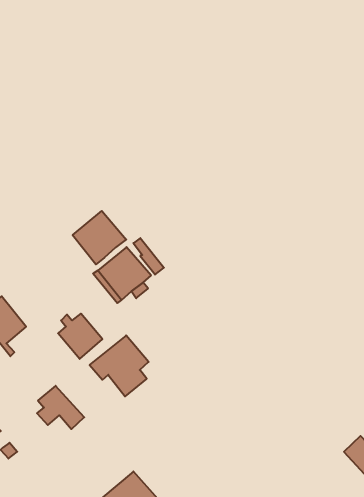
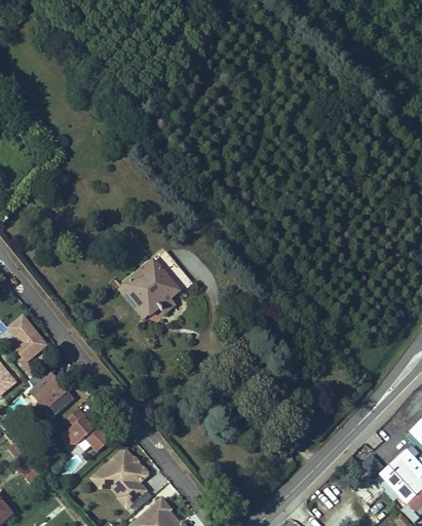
building: [73,211,126,264] -> none
building: [58,314,102,359] -> [28,370,74,417]
building: [90,335,149,396] -> [88,445,150,509]

